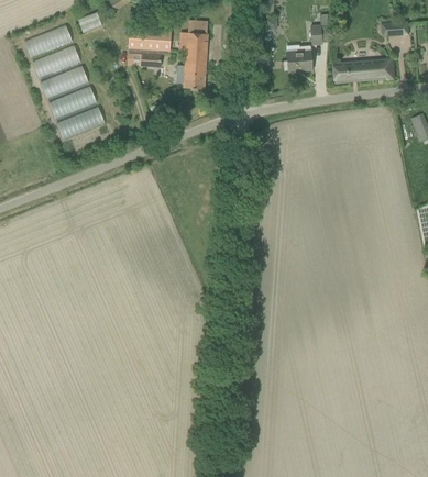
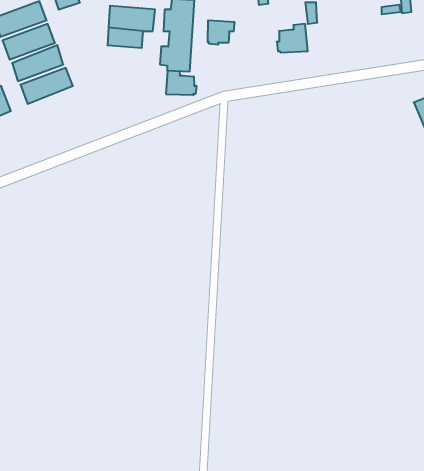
building: none -> [208,20,234,45]
building: [333,57,394,82] -> none
building: none -> [166,70,196,95]
building: [56,106,106,140] -> none

